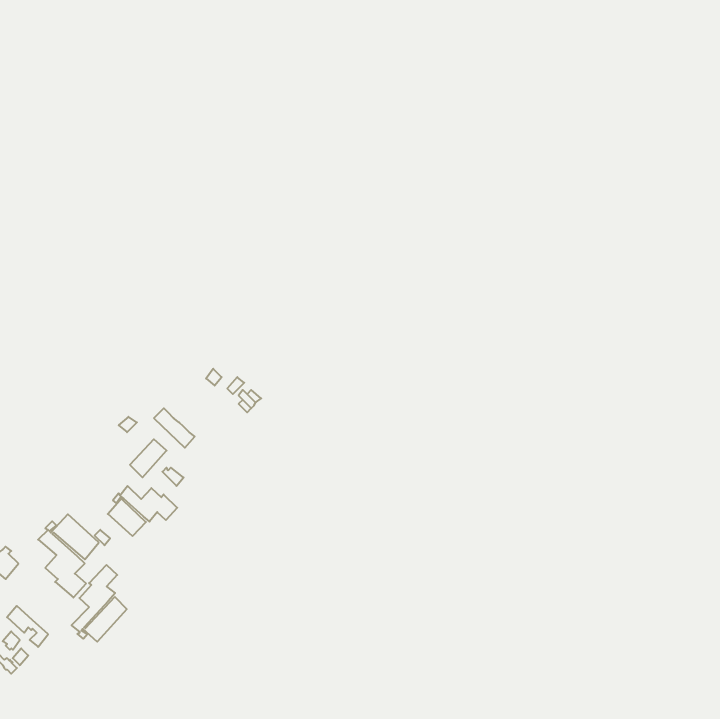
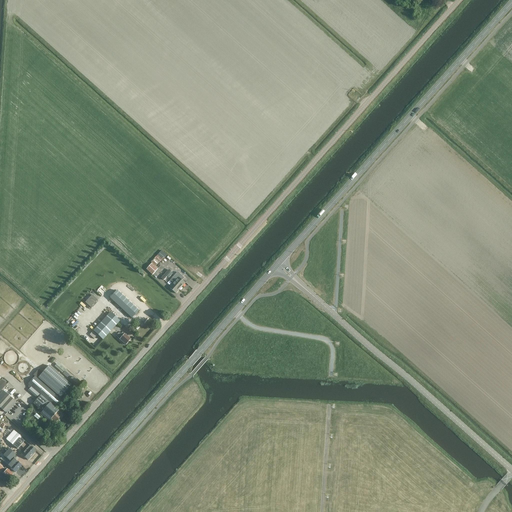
building: [108,486,177,536] -> none
building: [72,565,127,642] -> none

